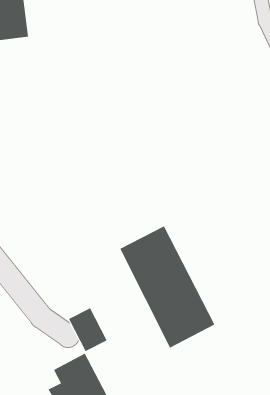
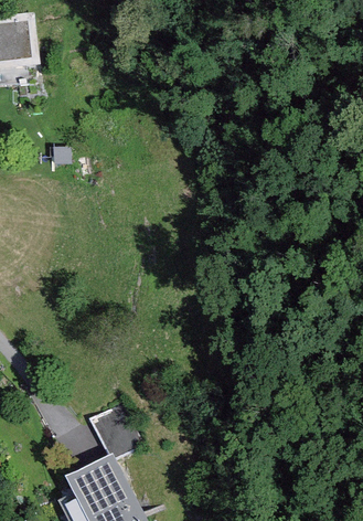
building: [119,225,215,349] -> none

